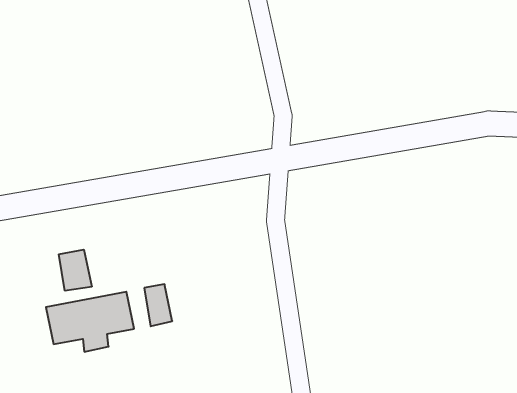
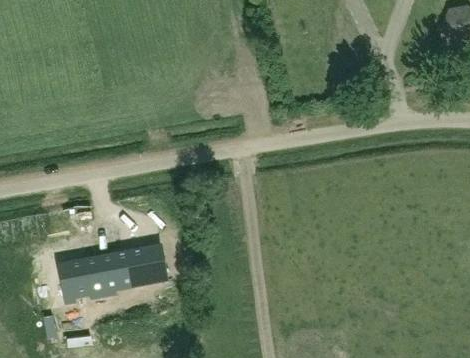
building: [59,250,92,291] -> none

